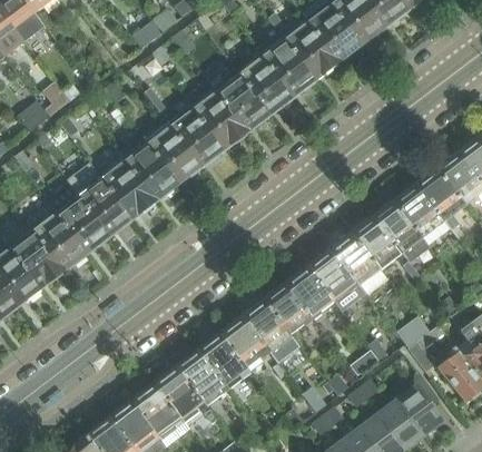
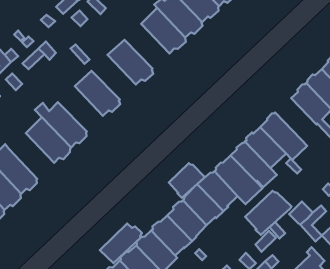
building: [209,72,268,130] -> none
building: [168,107,222,165] -> none
building: [118,141,176,200] -> none
building: [393,187,443,240] -> none
building: [49,188,108,253] -> none
building: none -> [169,163,205,198]
building: none -> [245,191,291,235]
building: none -> [100,223,142,263]

